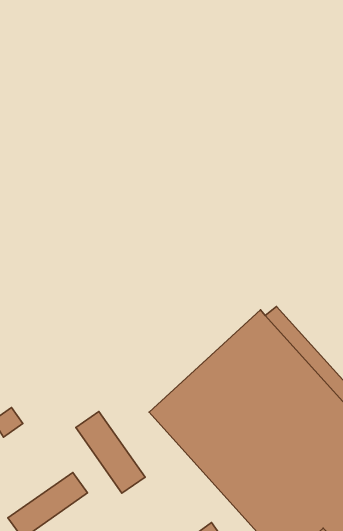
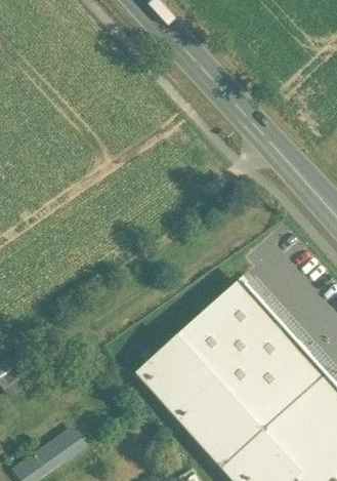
building: [76,411,145,493] -> none

